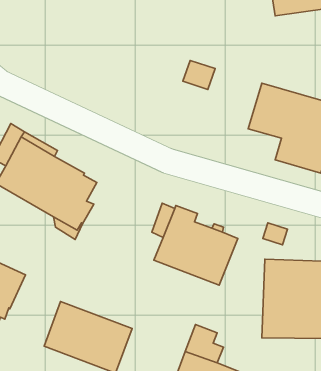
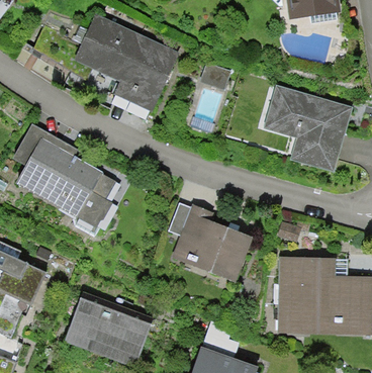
building: none -> [73,11,182,111]

